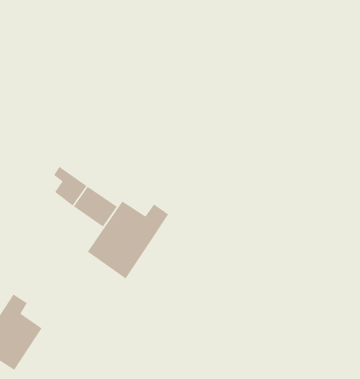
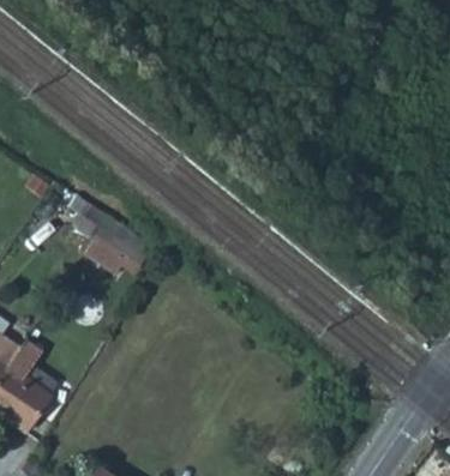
building: [87,200,169,280] -> none

